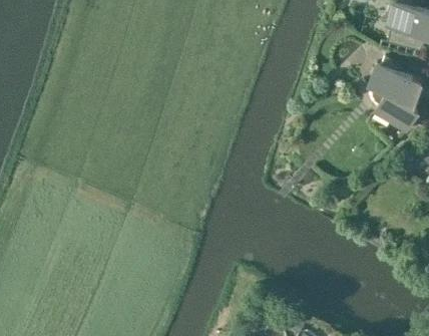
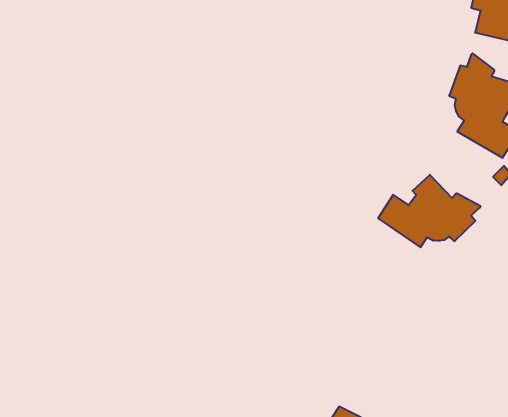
building: none -> [378,175,480,247]

